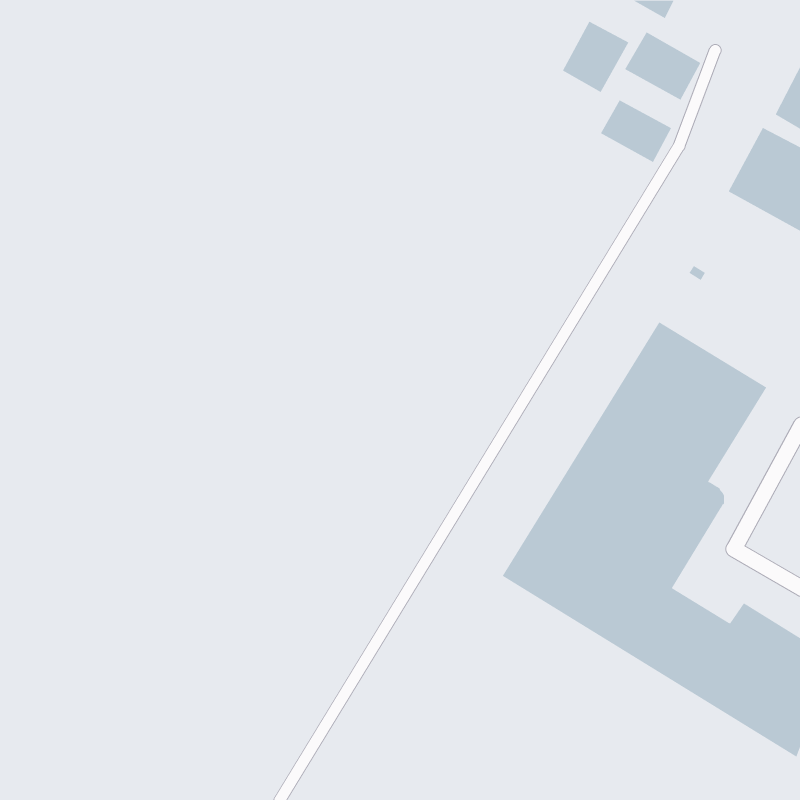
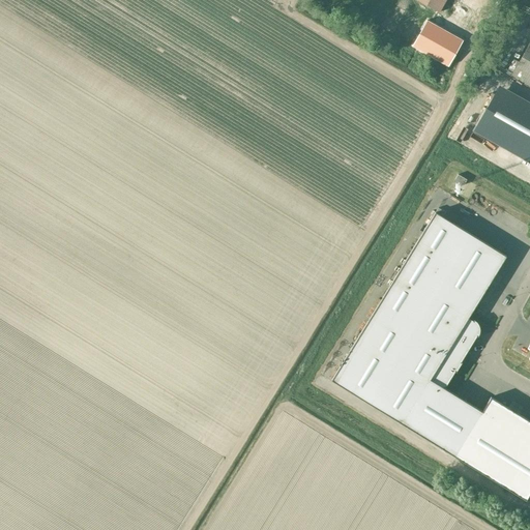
building: [562,21,629,93] -> none
building: [600,100,672,163] -> none

